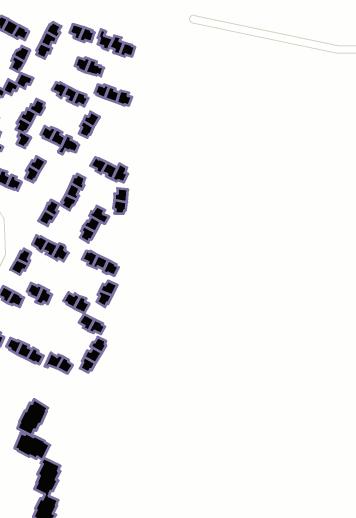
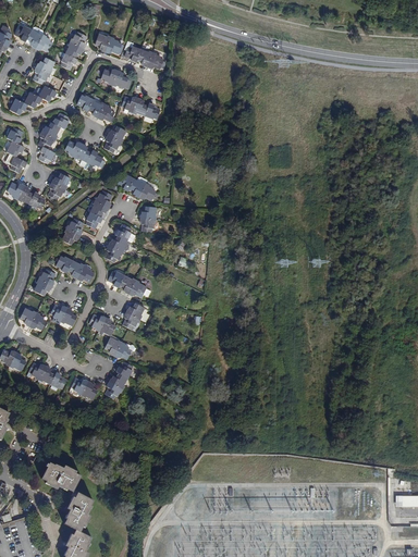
building: [18,399,48,436] -> none

